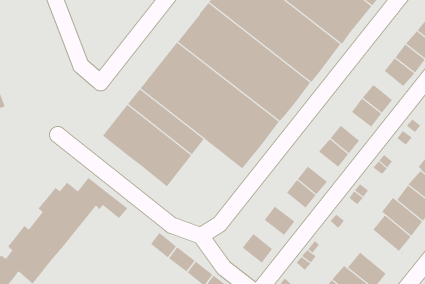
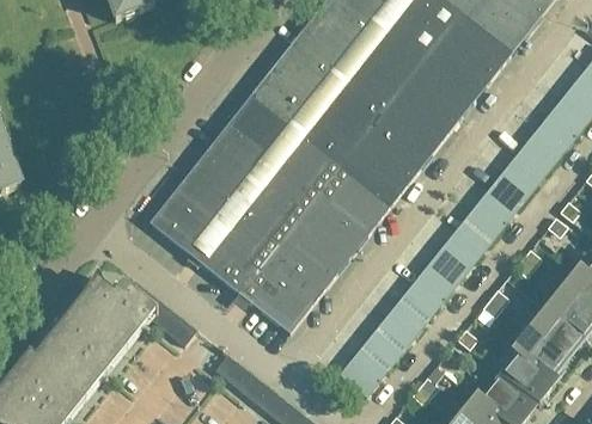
building: none -> [515,136,556,176]
building: none -> [471,191,513,231]
building: none -> [238,228,340,332]
building: none -> [427,245,469,285]
building: none -> [383,300,425,339]
building: none -> [354,337,396,376]
building: none -> [501,350,555,404]

